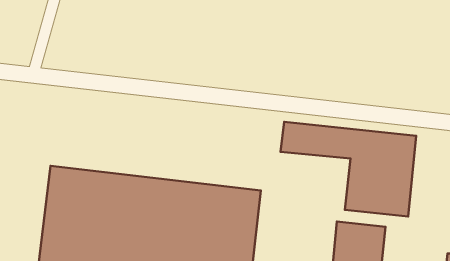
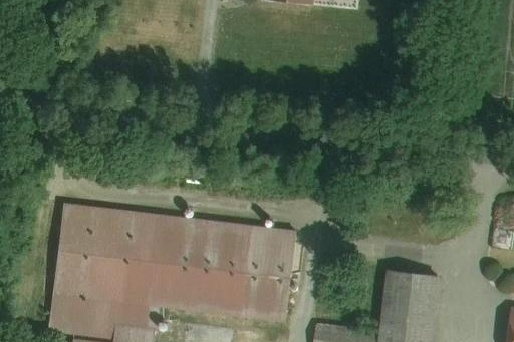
building: [280,122,416,216] -> none

